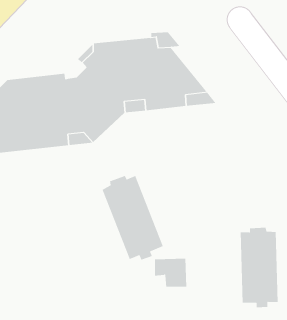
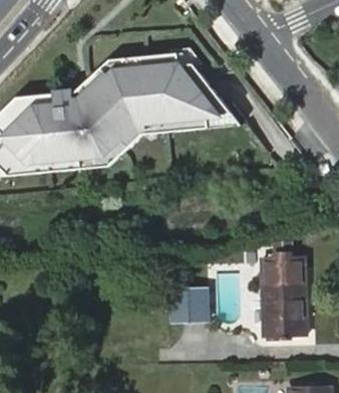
building: [102,175,164,260] -> none

